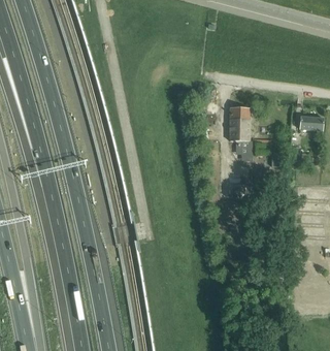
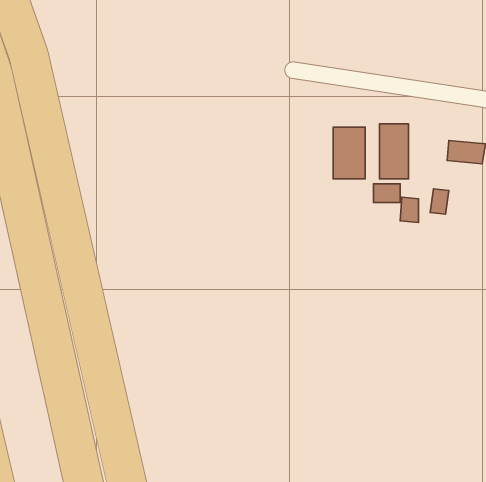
building: none -> [380,124,408,179]

